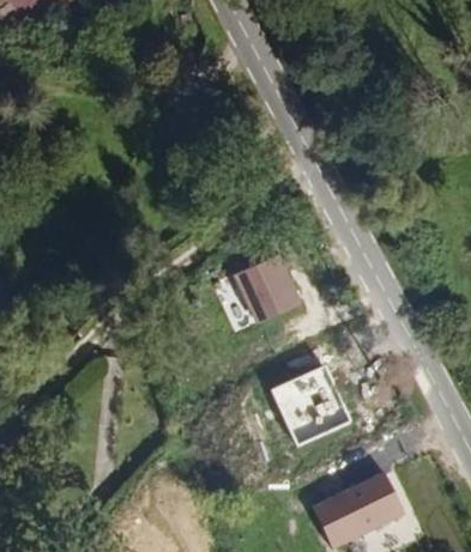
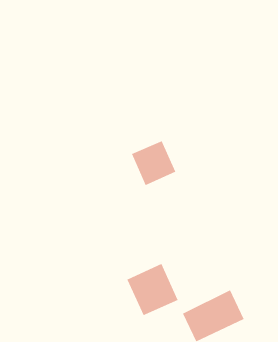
building: [273,369,349,445] -> [127,263,178,316]

